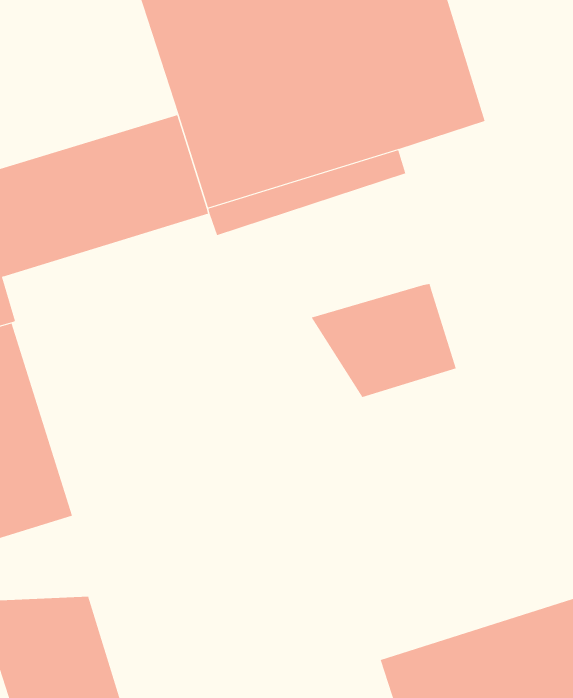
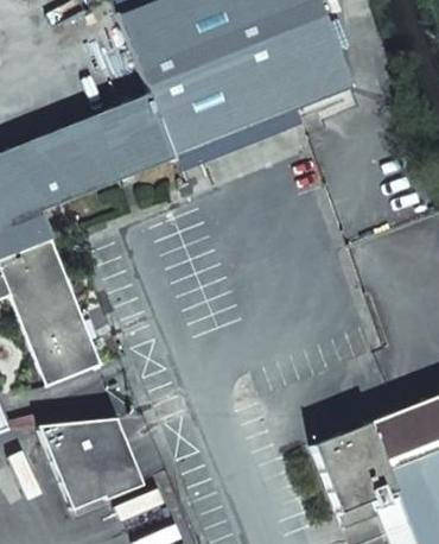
building: [311,283,457,398] -> none

